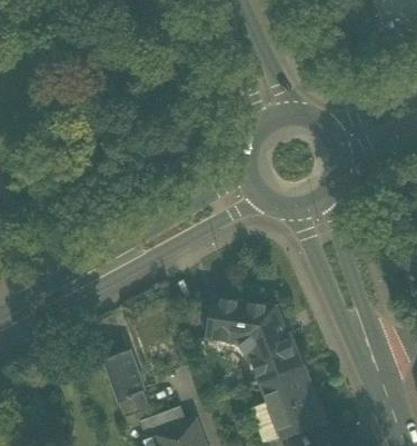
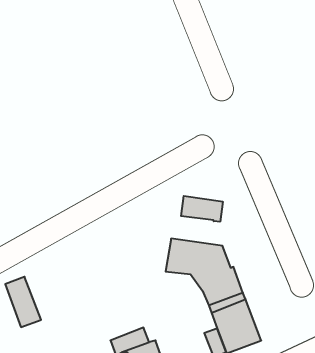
building: none -> [181,196,223,222]
building: [105,353,148,414] -> [5,277,41,327]

